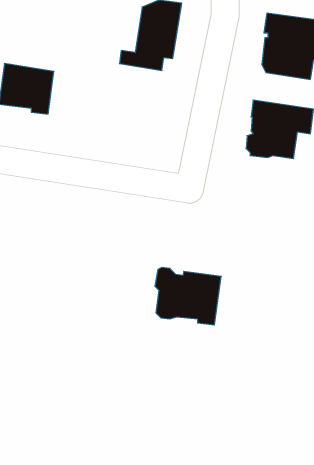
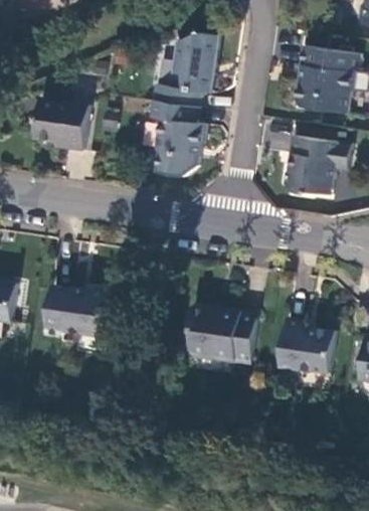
building: none -> [151,99,203,176]
building: none -> [45,287,109,336]
building: none -> [279,319,335,376]

